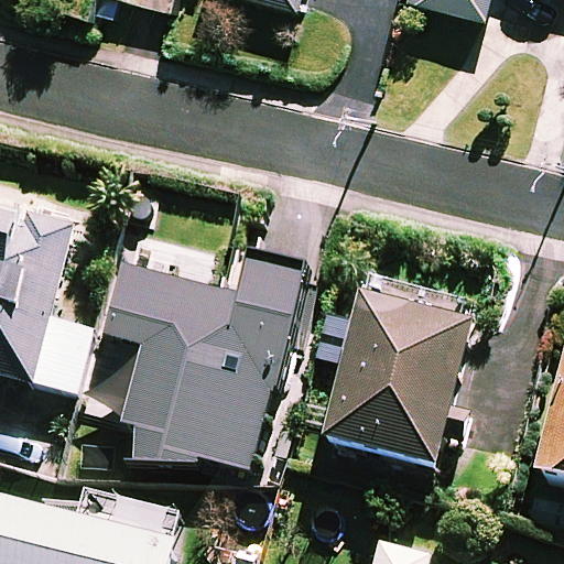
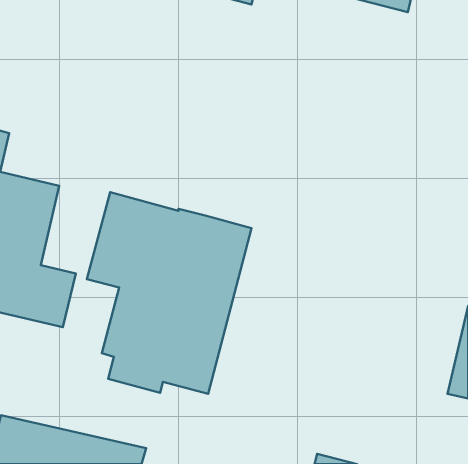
building: [323,293,471,467] -> none

